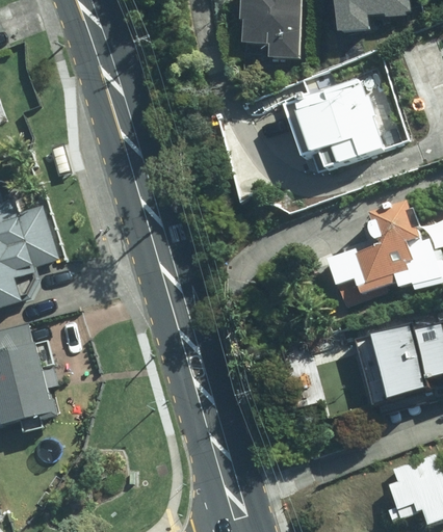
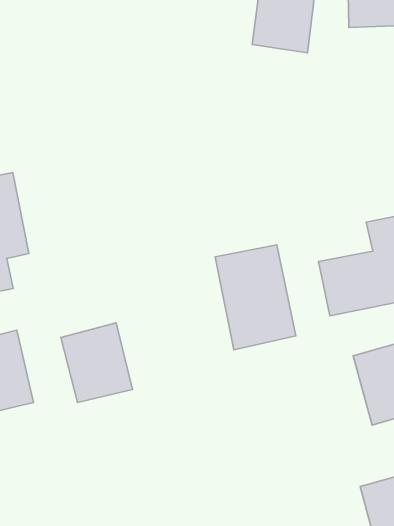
building: [283,75,382,174] -> none
building: none -> [215,245,296,350]
building: none -> [61,323,132,403]

